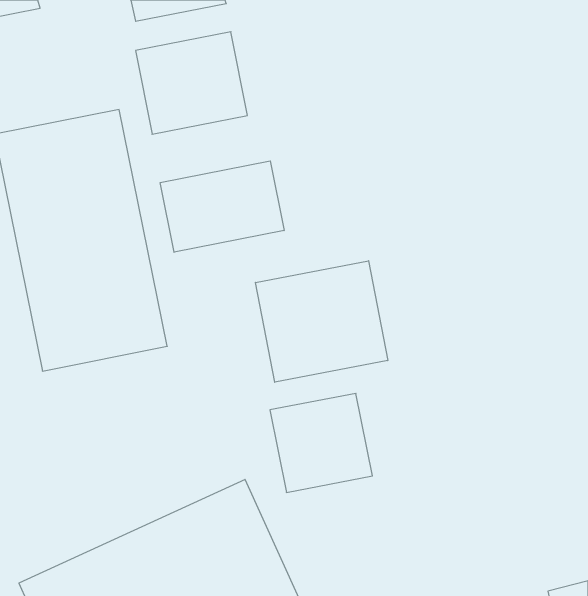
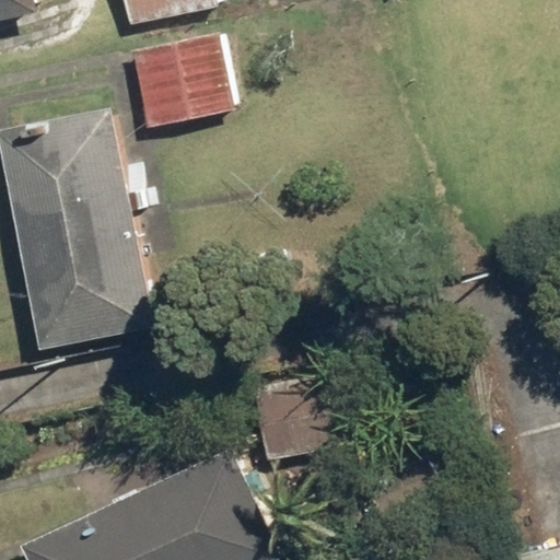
building: [160,161,284,252] -> none
building: [255,261,388,382] -> none

